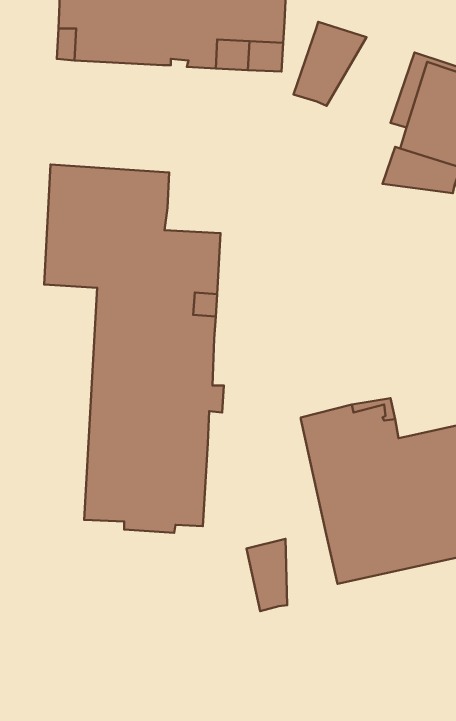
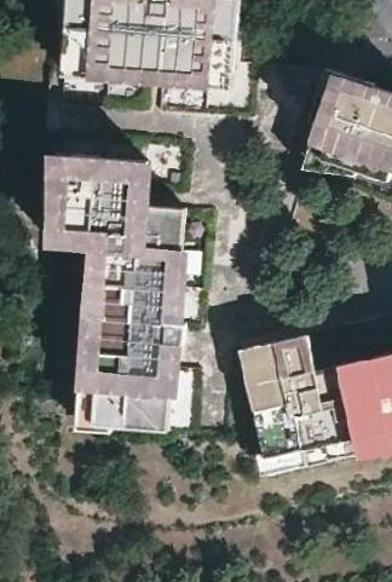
building: [293,22,366,106] -> none
building: [246,539,287,611] -> none

